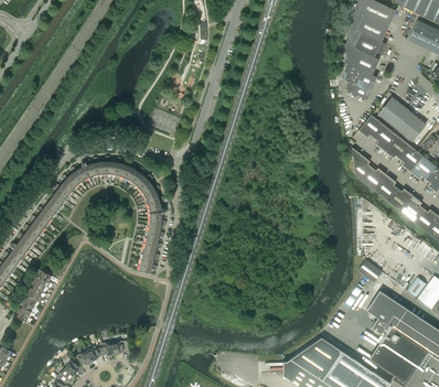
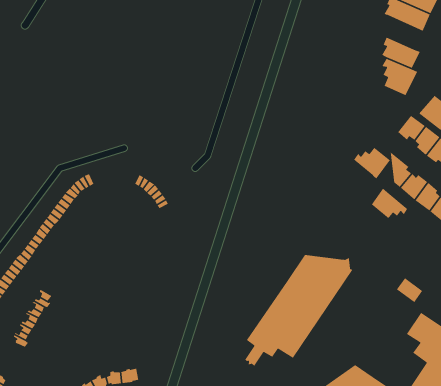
building: [345,26,386,56] -> none
building: none -> [353,147,391,179]
building: none -> [371,188,408,219]
building: none -> [244,254,354,367]

